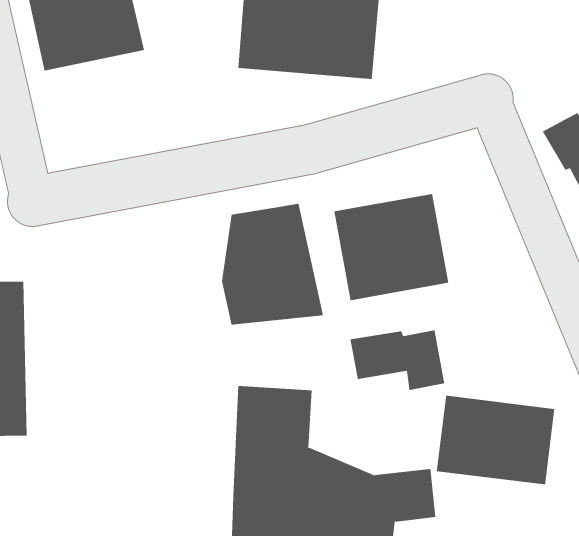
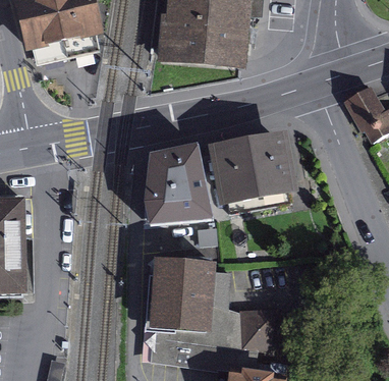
building: [350,329,445,391] -> none
building: [436,395,555,485] -> none

